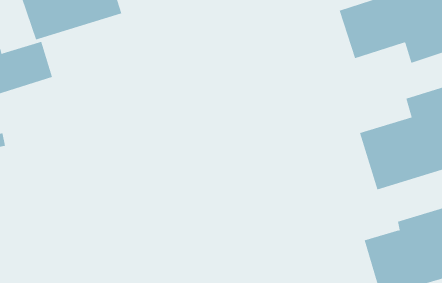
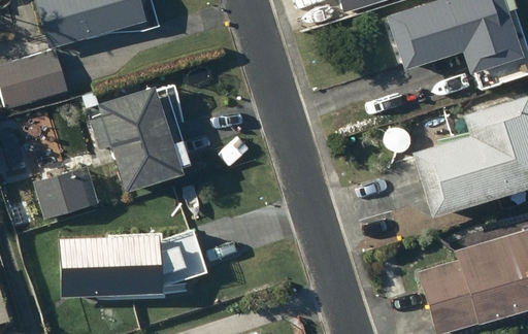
building: none -> [85,85,185,193]
building: none -> [36,166,101,220]
building: none -> [59,234,187,297]

